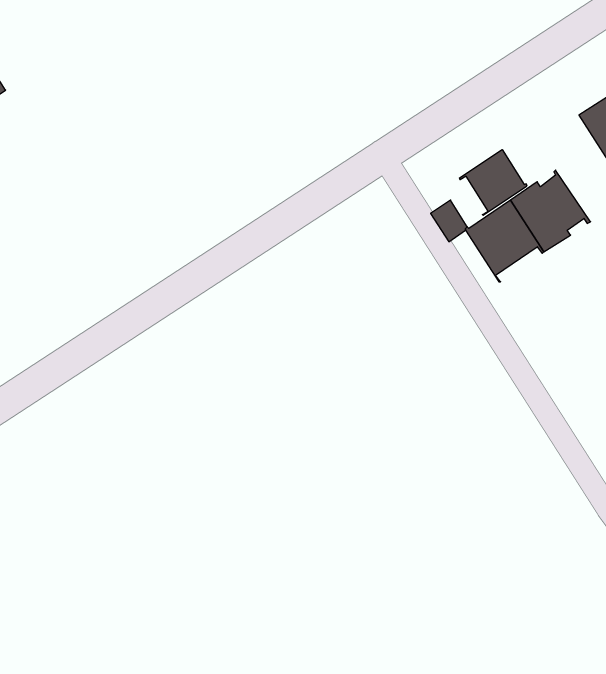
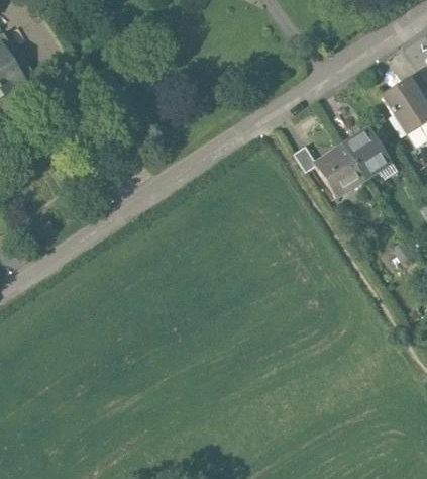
building: [459,150,527,215] -> none

